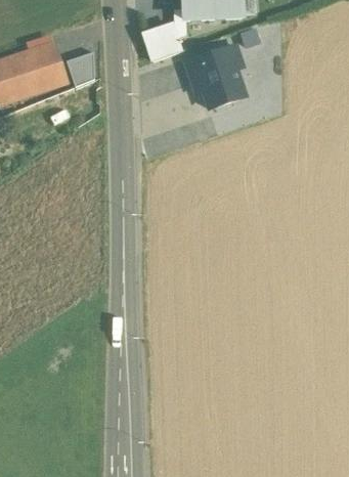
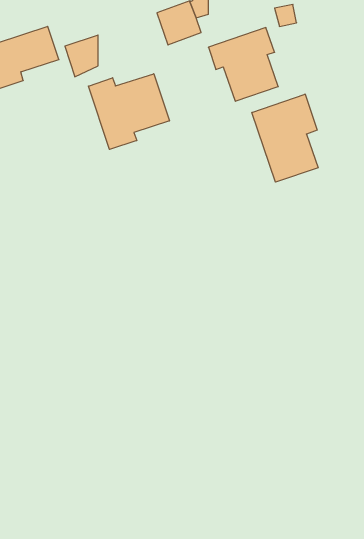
building: none -> [88,74,169,149]
building: none -> [252,94,318,182]

